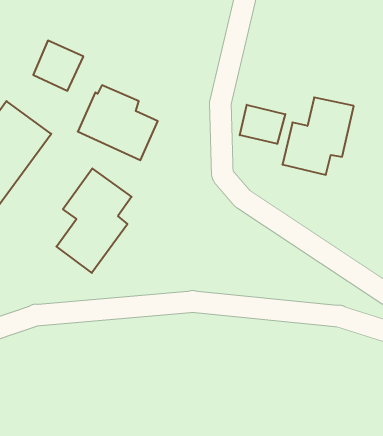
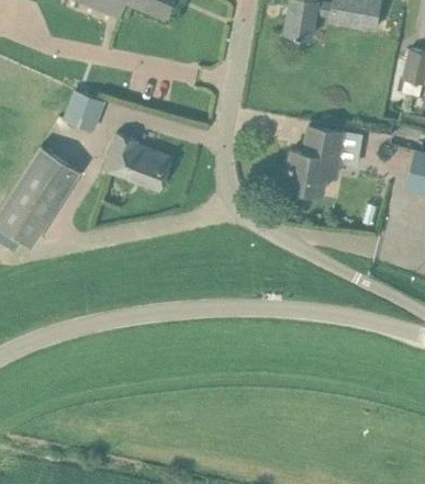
building: [240,105,285,144] -> none
building: [56,168,132,273] -> none

